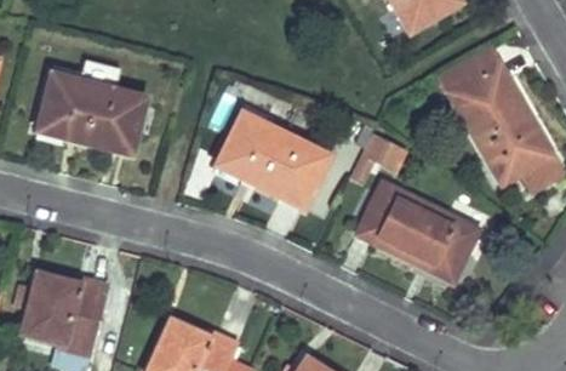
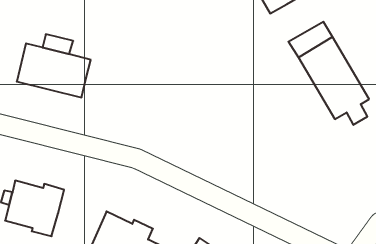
building: [217,113,328,207] -> none
building: [351,132,406,181] -> none
building: [356,182,478,280] -> none

